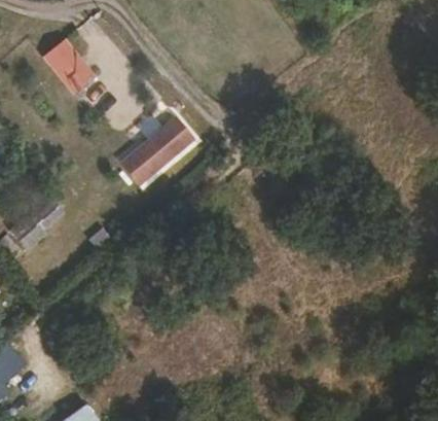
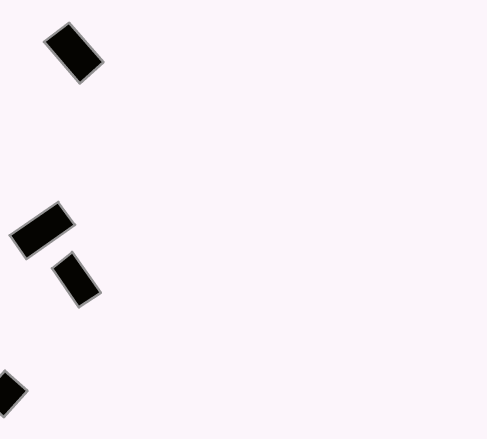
building: [123,121,184,177] -> none
building: none -> [52,252,101,307]

